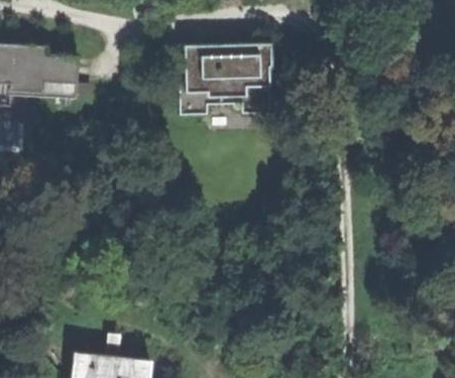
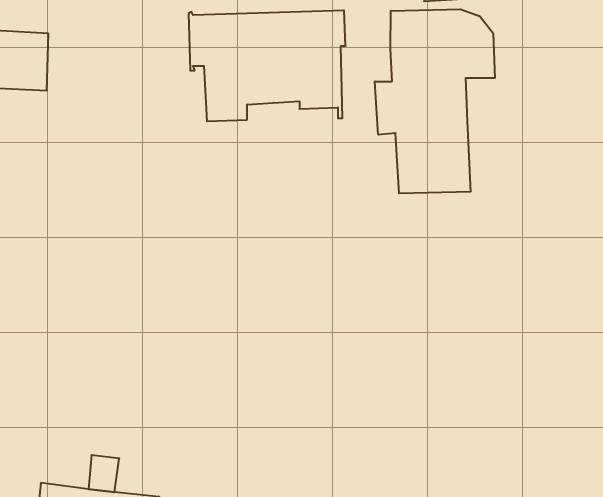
building: none -> [375,9,495,193]

